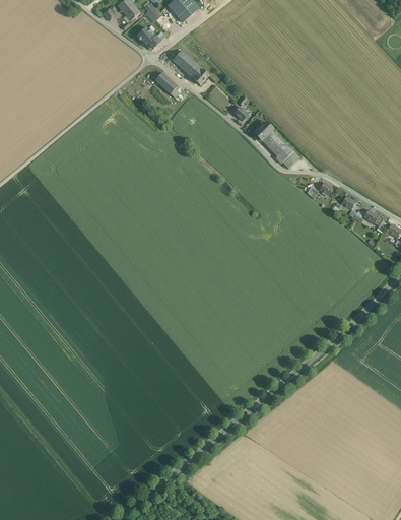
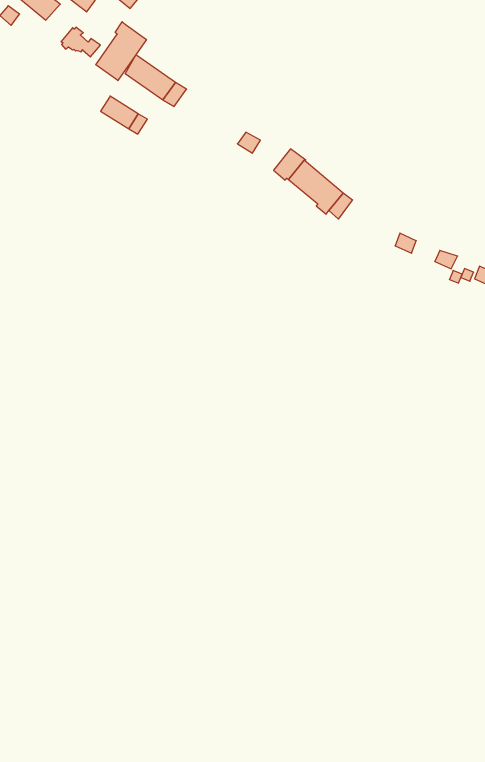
building: none -> [96,22,146,81]

